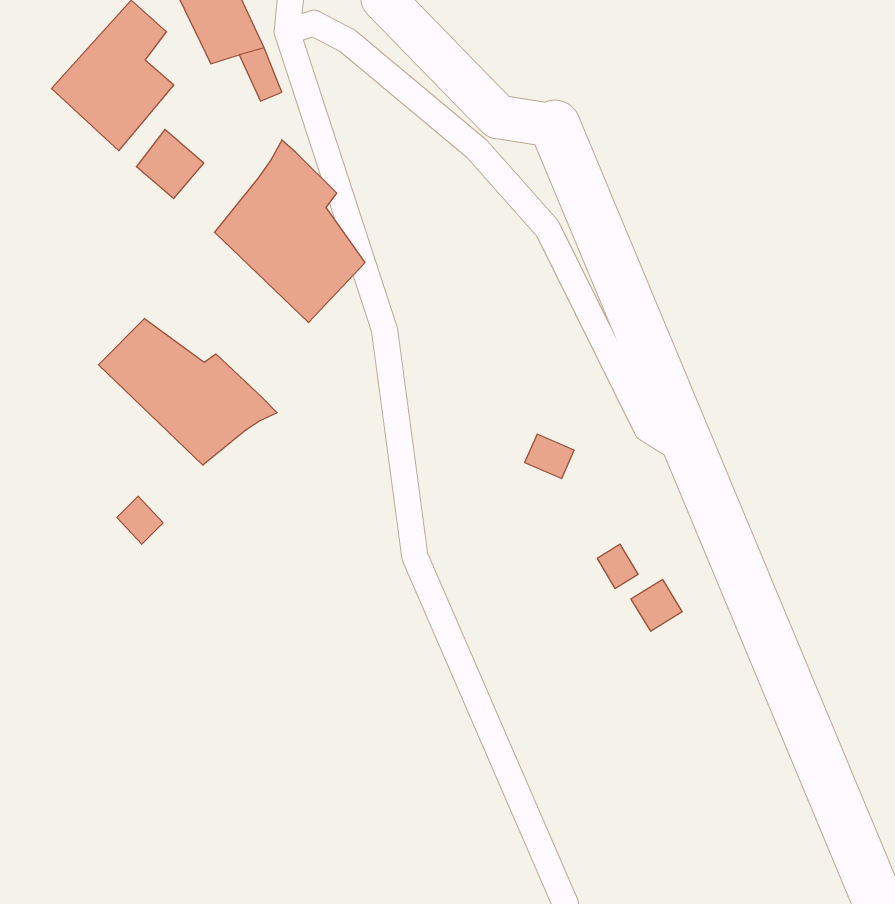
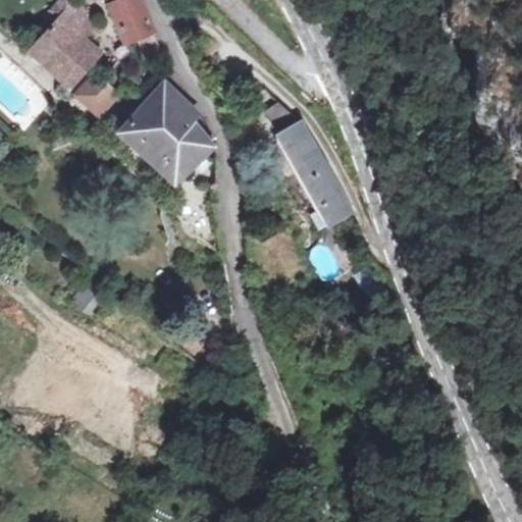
building: none -> [256,100,350,225]
building: [98,318,277,465] -> none

